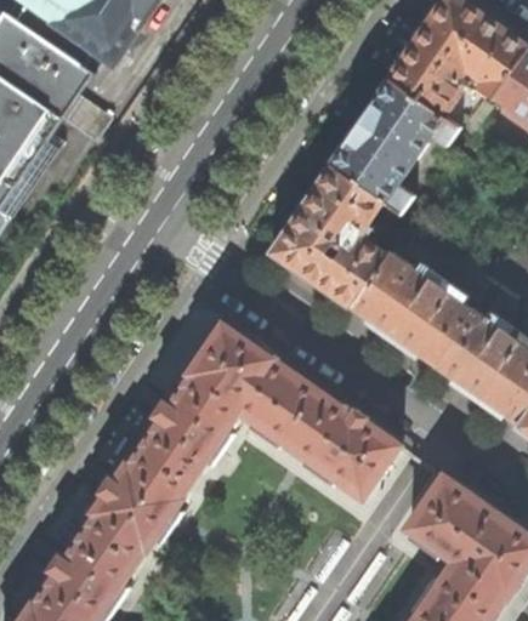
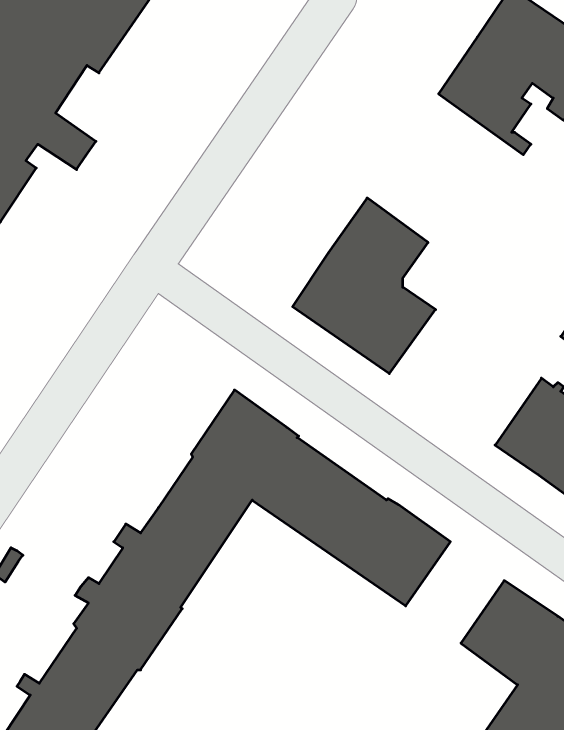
building: [330,79,458,213] -> none
building: [348,252,472,365] -> none

